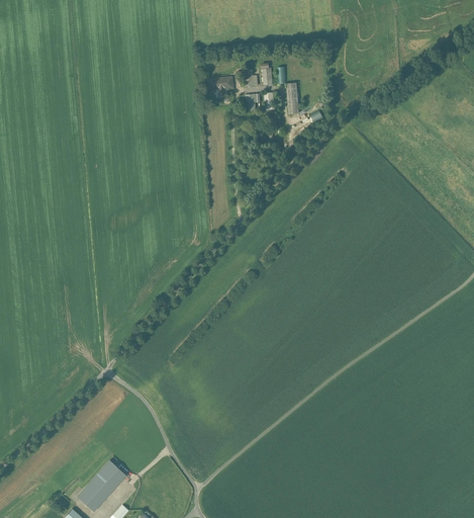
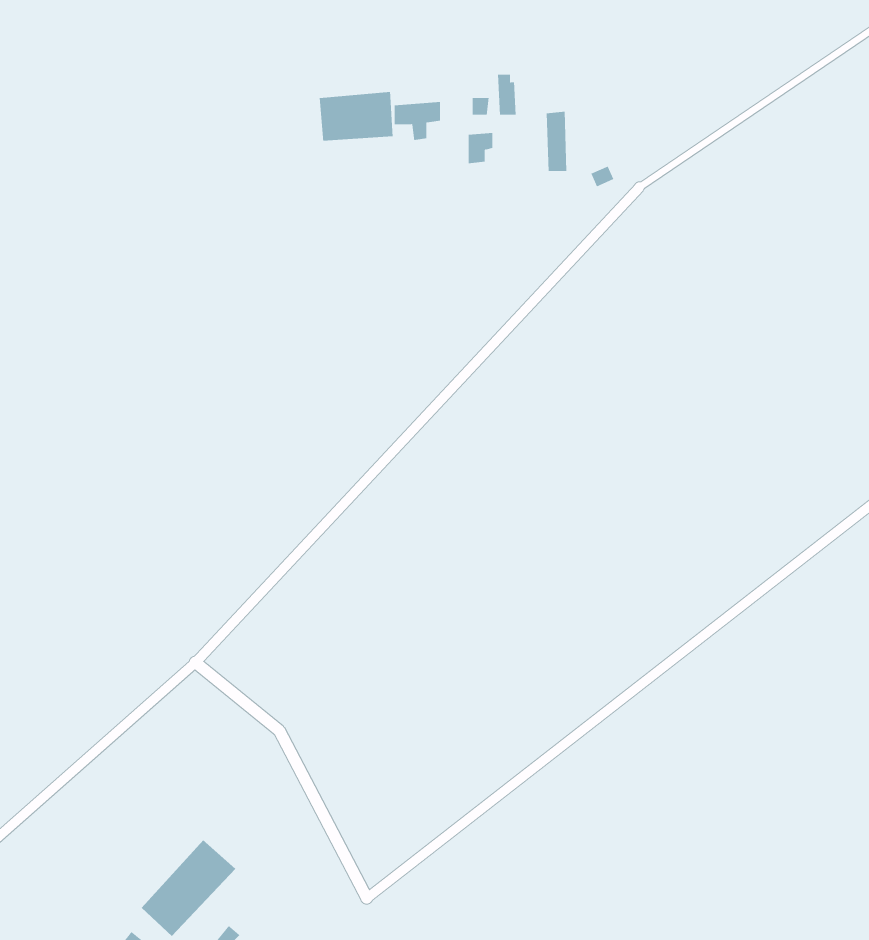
building: none -> [319,91,393,142]

